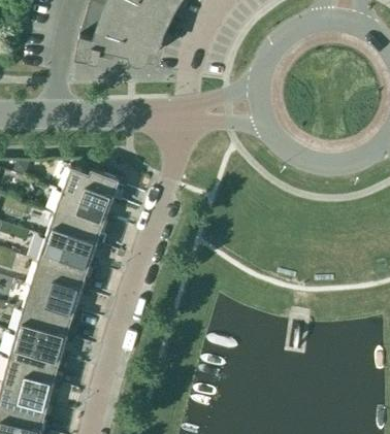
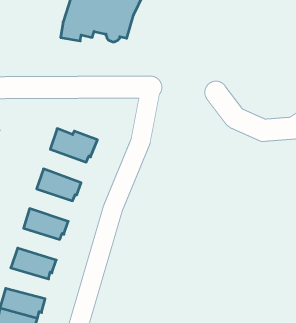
building: [56,189,107,229] -> none
building: [39,236,91,275] -> none
building: [25,283,76,322] -> none
building: [10,331,62,368] -> none

